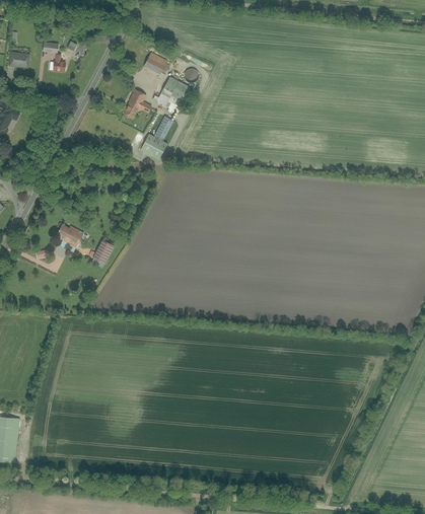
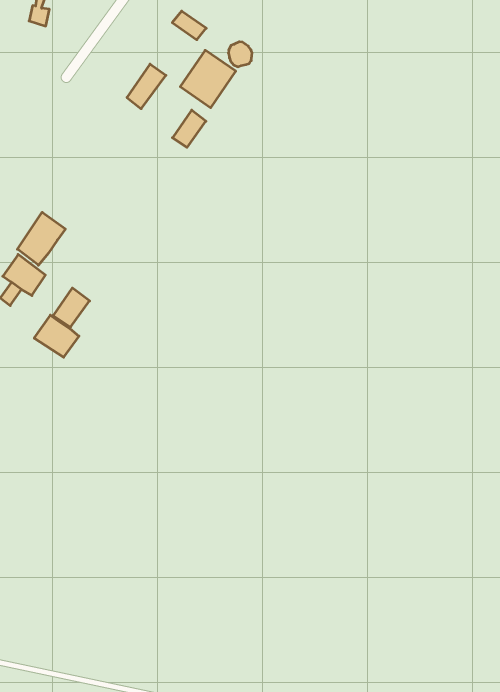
building: none -> [17,212,65,265]
building: none -> [34,315,79,357]

